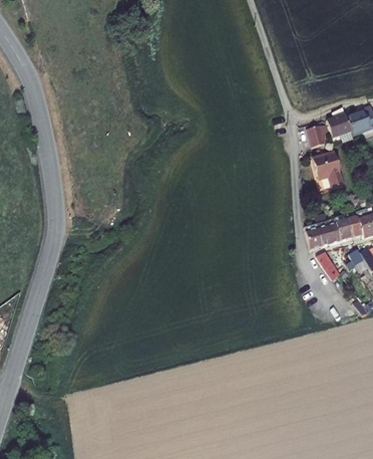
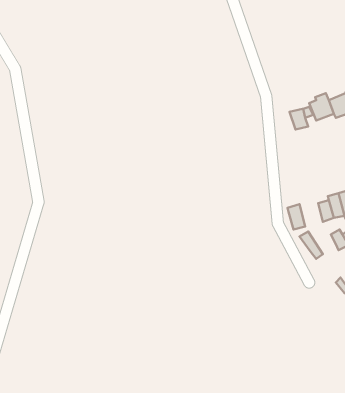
building: [312,151,343,187] -> none
building: [316,218,340,246] -> none

